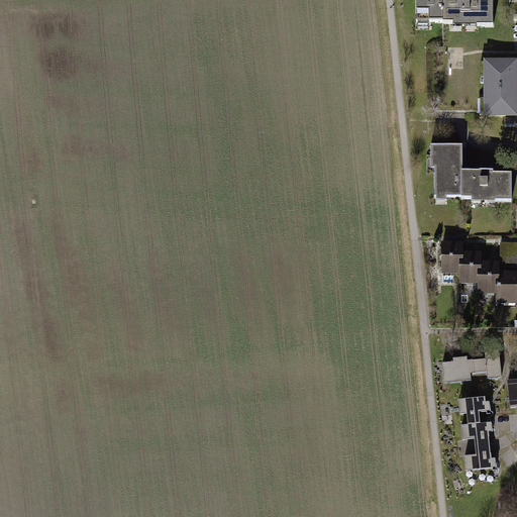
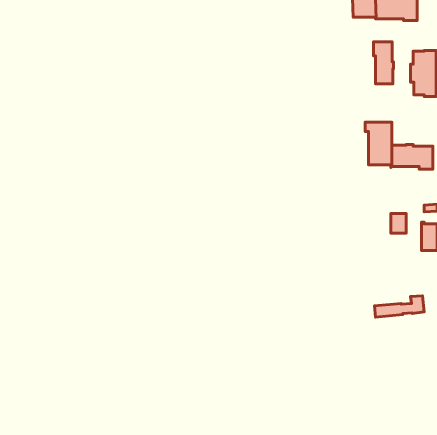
building: none -> [373,42,393,84]
building: [442,242,461,267] -> none
building: [480,257,498,286] -> none
building: [466,396,493,469] -> none

